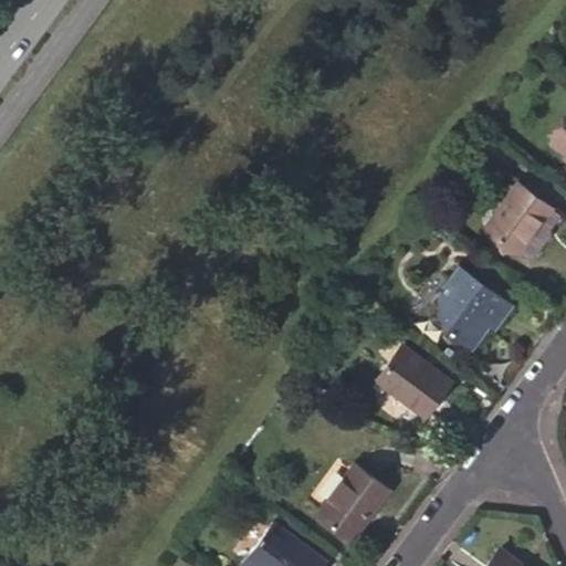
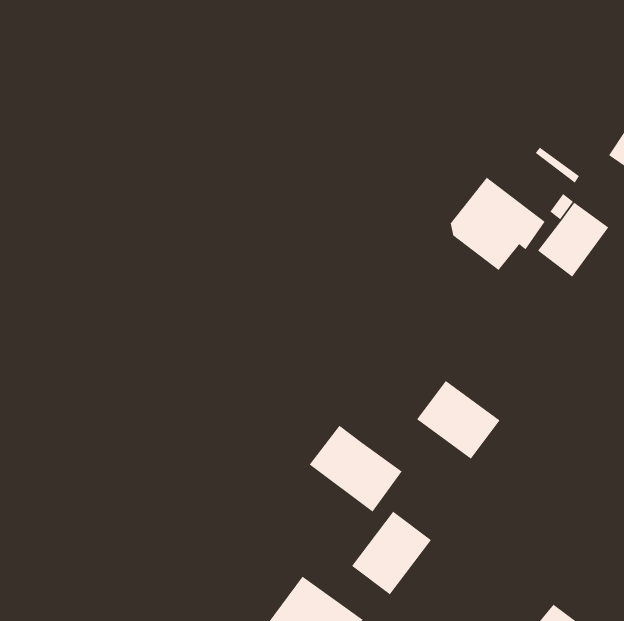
building: [426,264,512,349] -> [450,177,545,271]
building: none -> [309,425,402,513]

